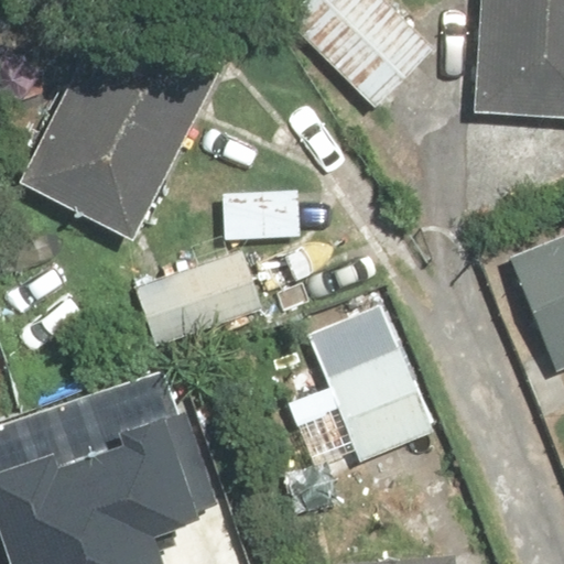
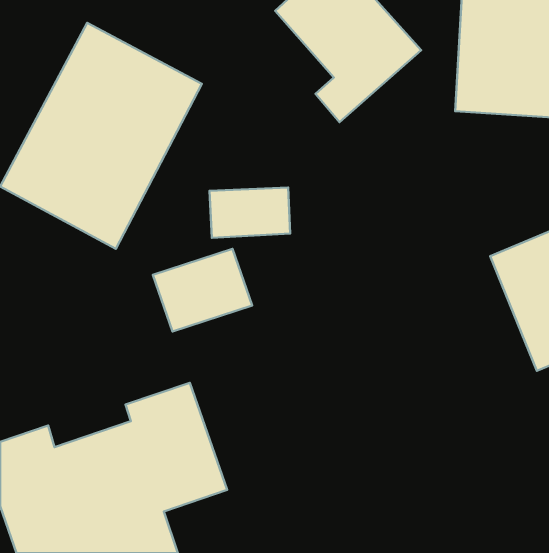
building: [308,303,433,458] -> none

